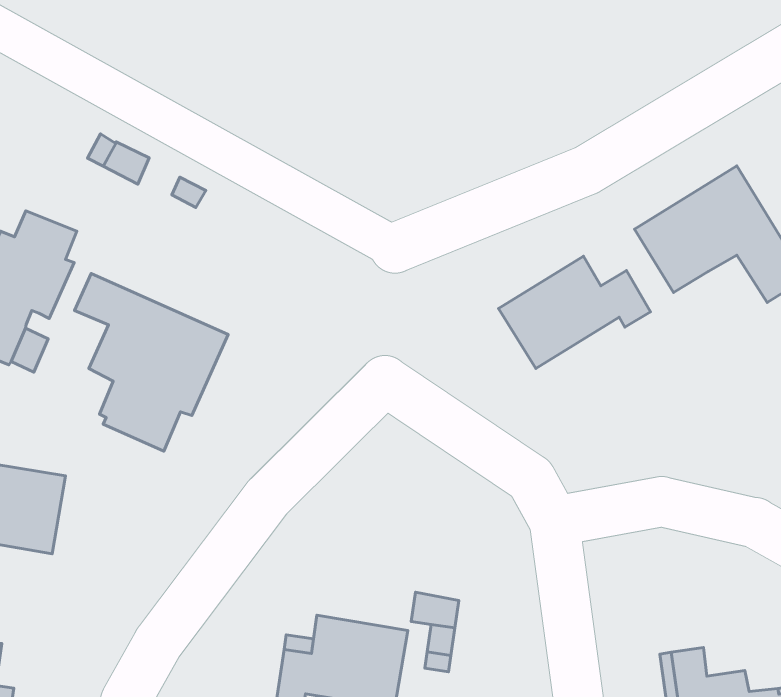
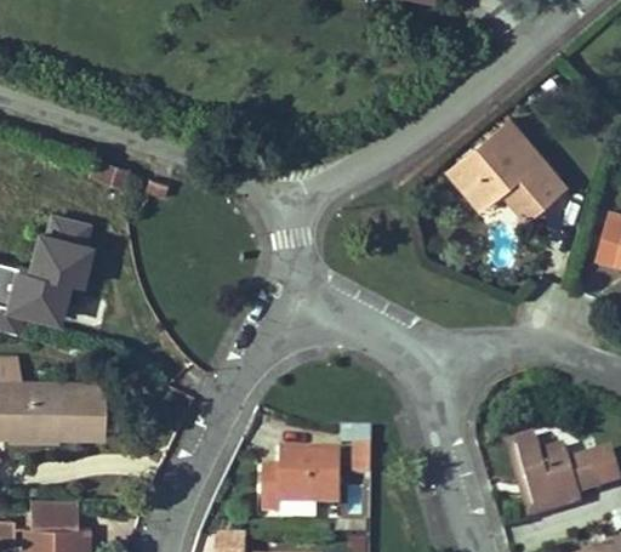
building: [499,256,651,369] -> none
building: [75,273,228,451] -> none

